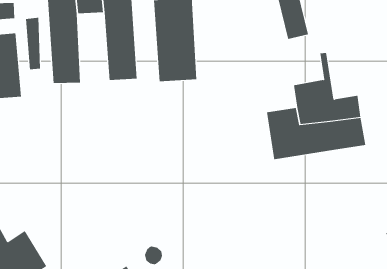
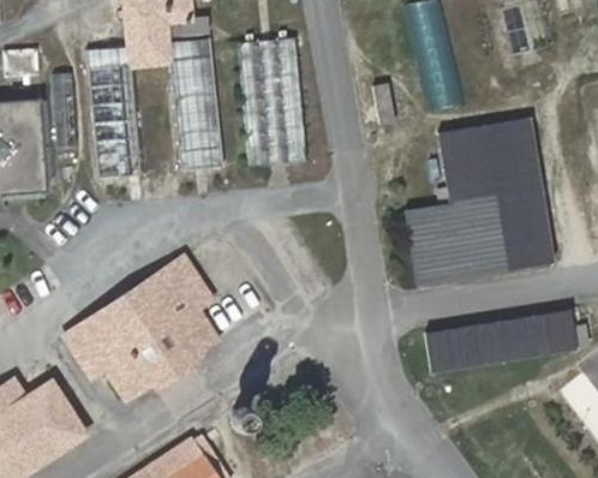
building: none -> [495,118,540,192]
building: none -> [439,125,490,172]
building: none -> [61,257,216,401]
building: none -> [426,307,578,370]

